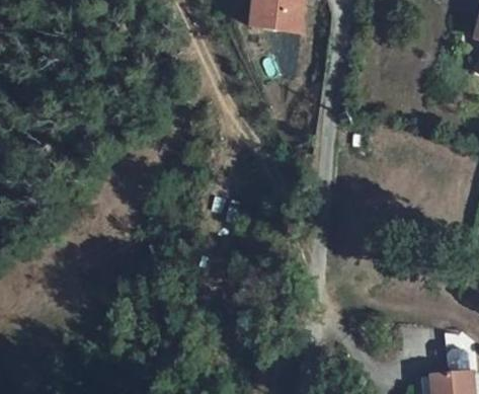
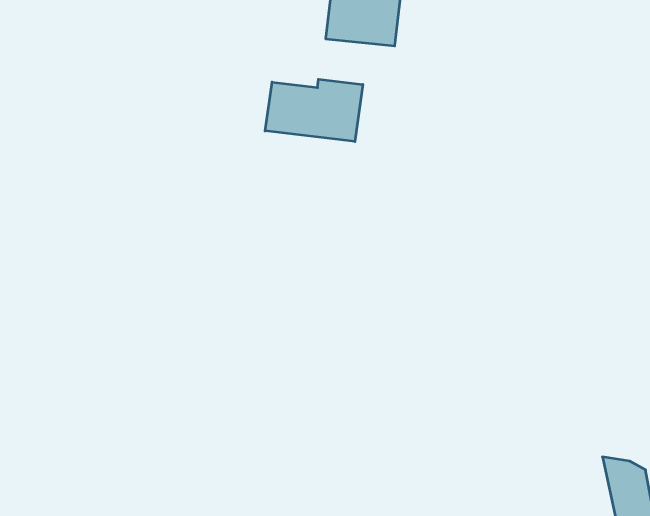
building: none -> [265,79,363,142]

